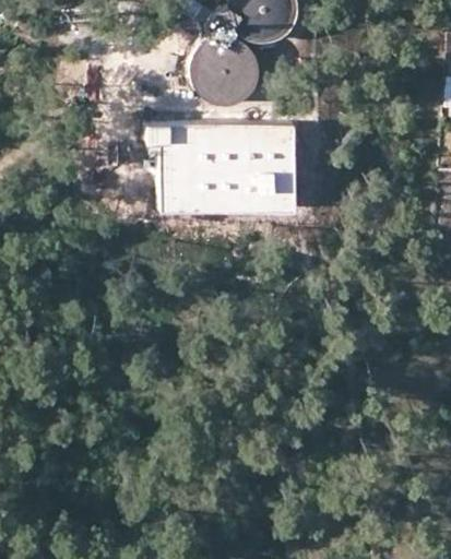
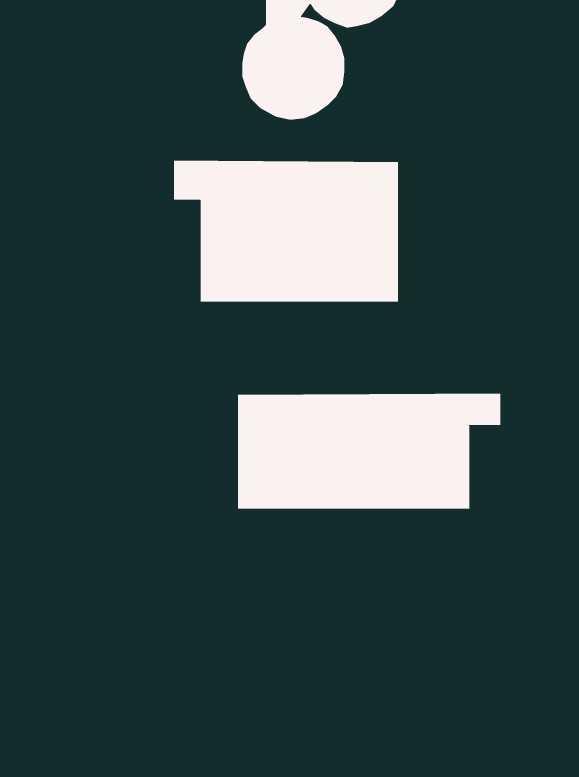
building: none -> [238,393,501,509]

